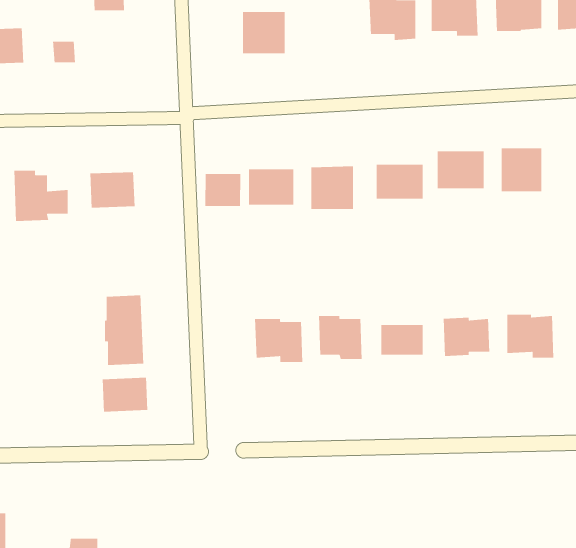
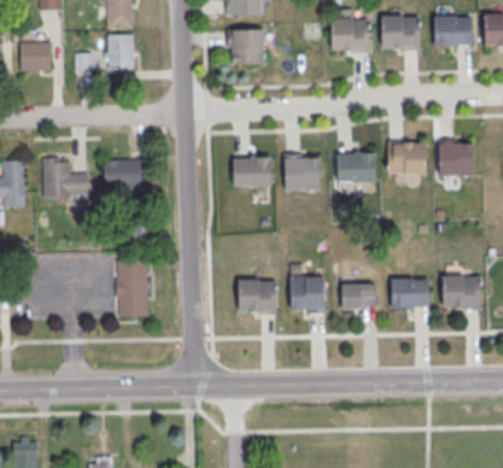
building: none -> [107,34,134,72]
building: [205,173,241,207] -> none
building: [102,377,148,412] -> none

